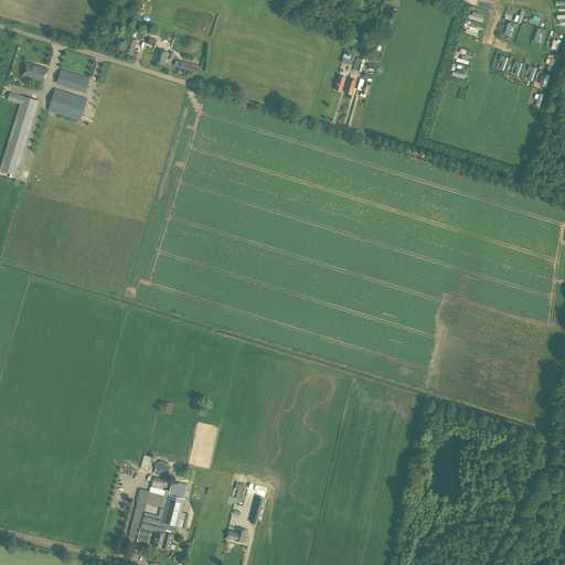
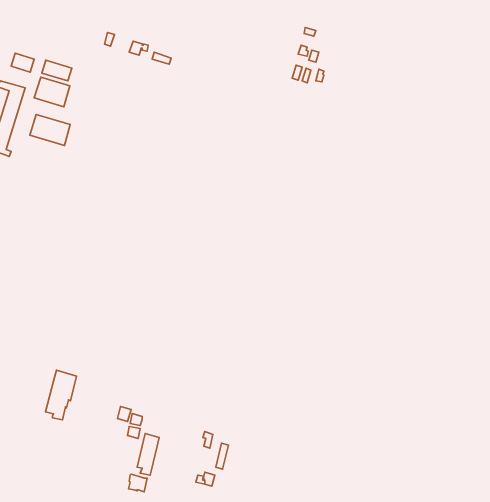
building: none -> [30,115,70,145]
building: [128,488,162,543] -> [46,370,76,420]

